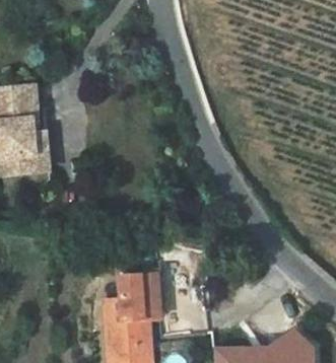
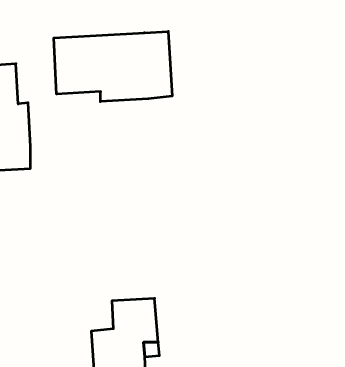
building: none -> [54,31,172,102]

